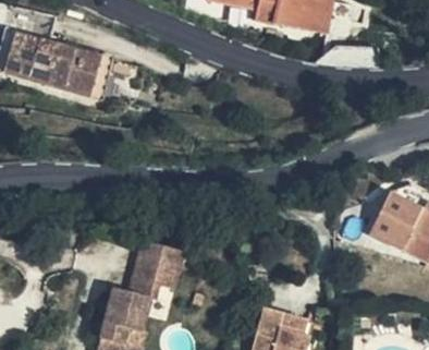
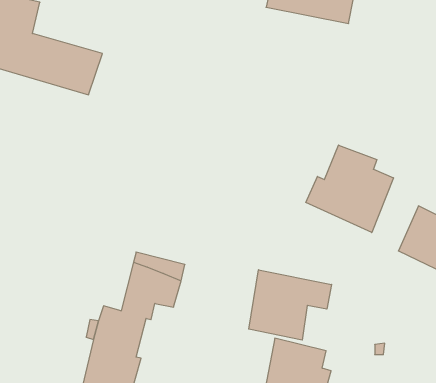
building: none -> [306,145,393,233]
building: none -> [249,270,332,340]

